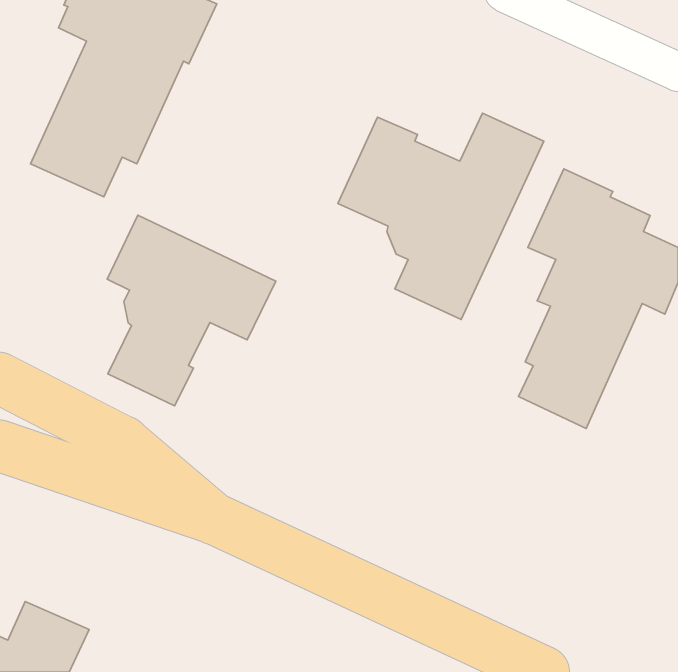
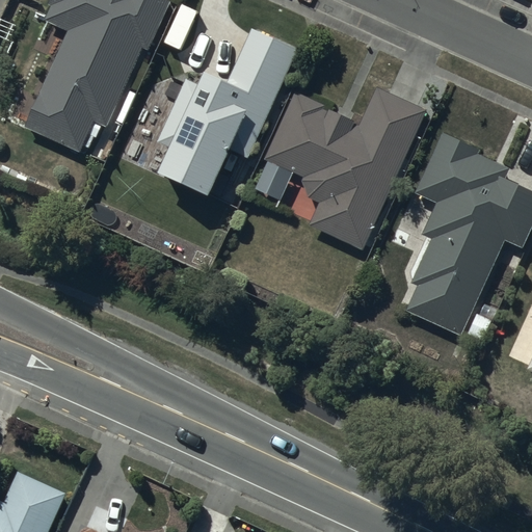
building: none -> [157,28,301,205]
building: [107,215,276,406] -> none

